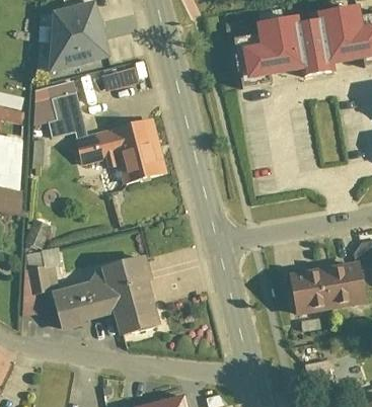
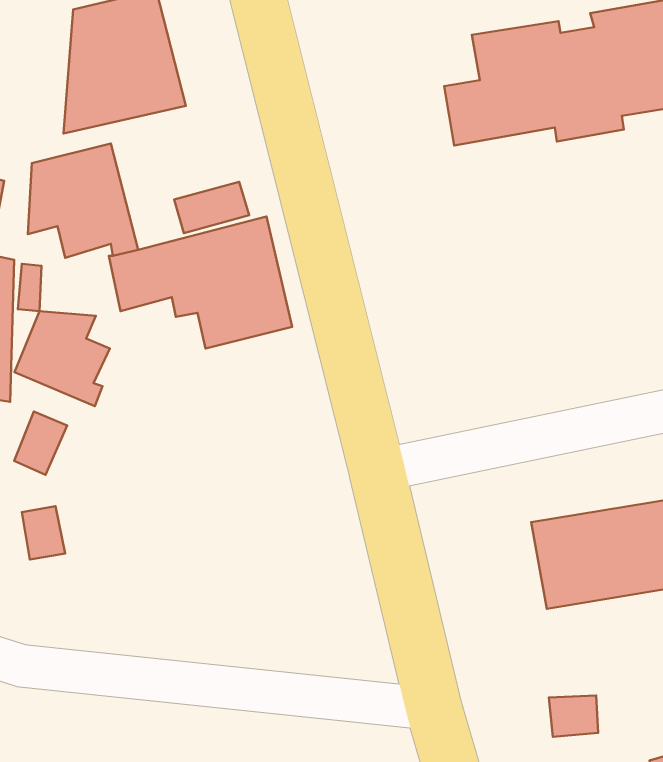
building: [101,64,140,90] -> [174,182,249,233]
building: none -> [14,311,110,406]
building: [55,255,163,334] -> none

